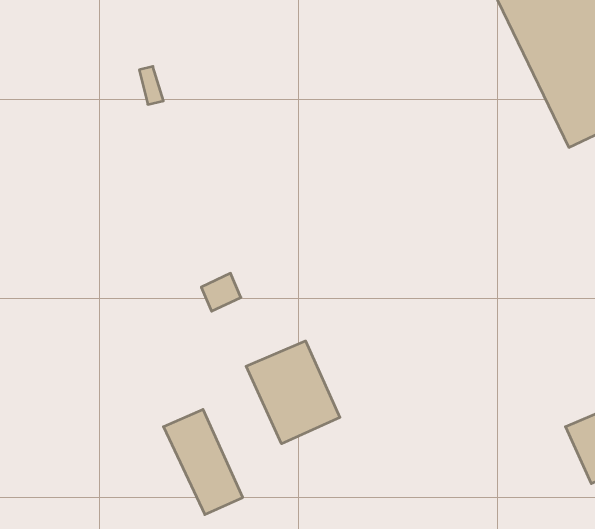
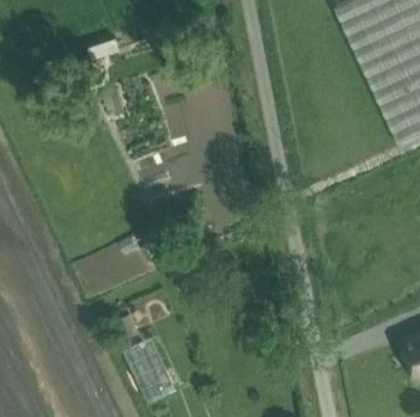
building: [246,341,340,444] -> none

